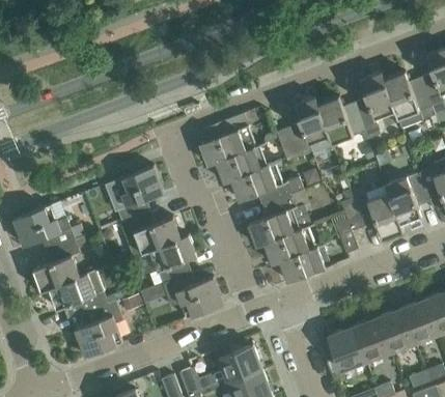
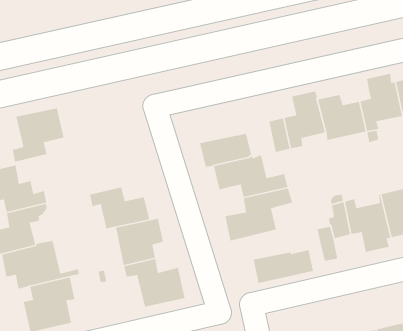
building: [200,114,250,166] -> none
building: [116,167,164,223] -> [12,107,65,162]
building: [265,227,314,265] -> none

